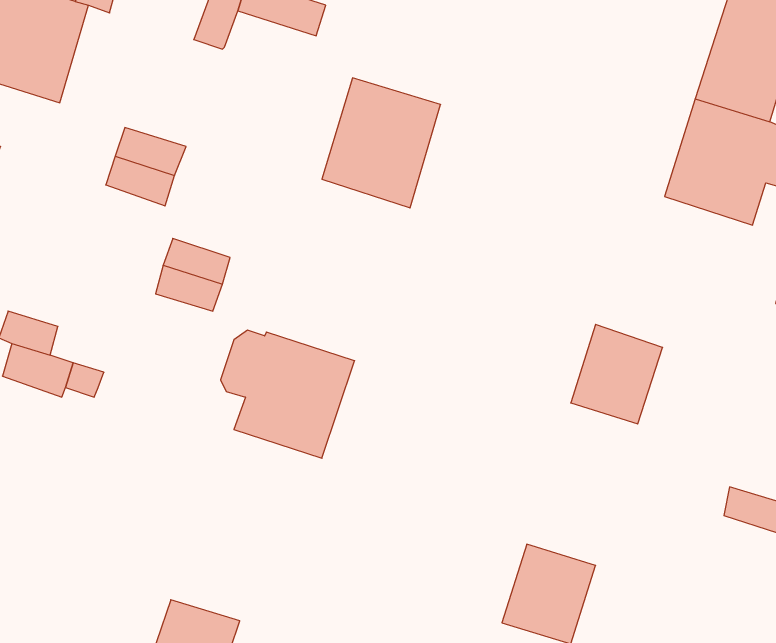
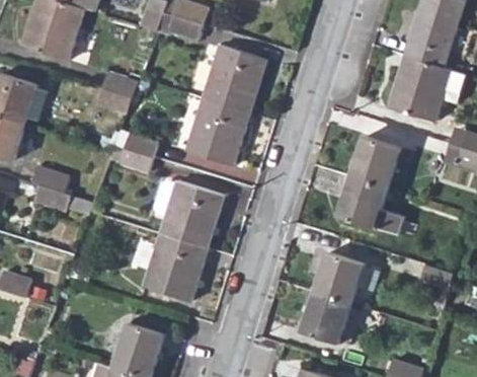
building: none -> [155,10,204,39]
building: none -> [190,99,253,167]
building: none -> [351,138,399,188]
building: none -> [144,232,207,300]
building: none -> [315,252,364,304]

